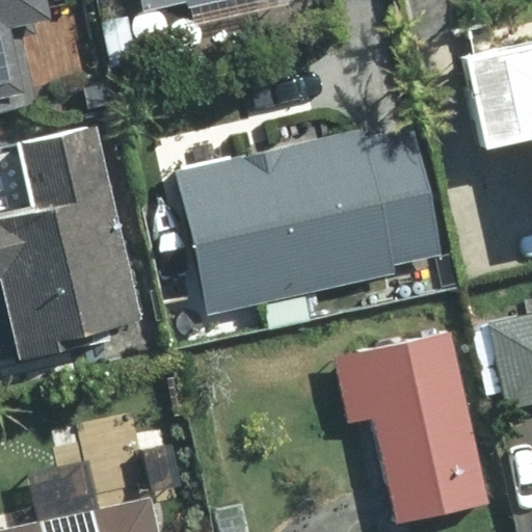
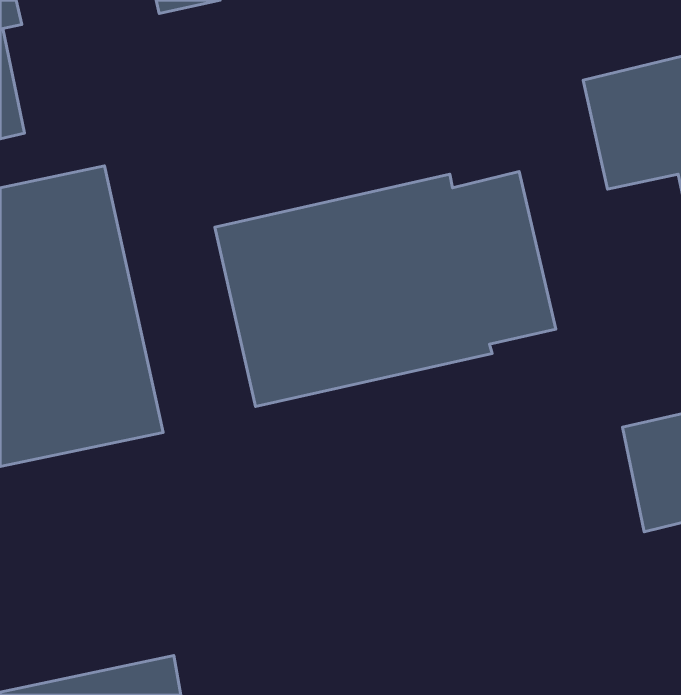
building: [338,330,493,523] -> none

